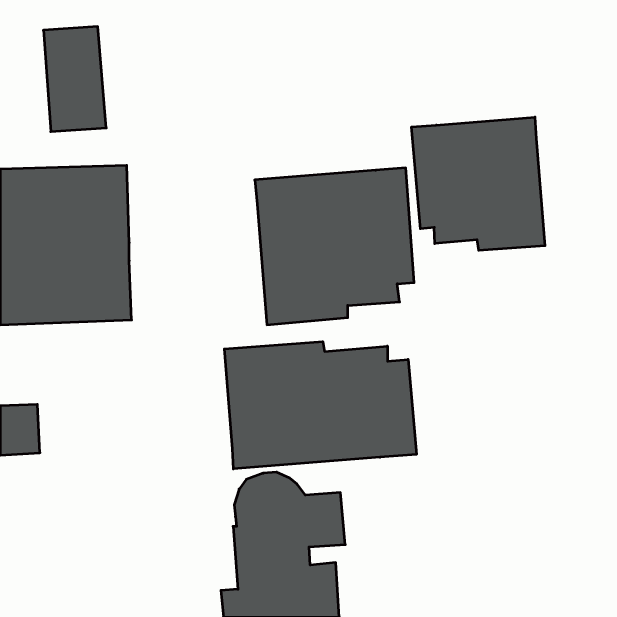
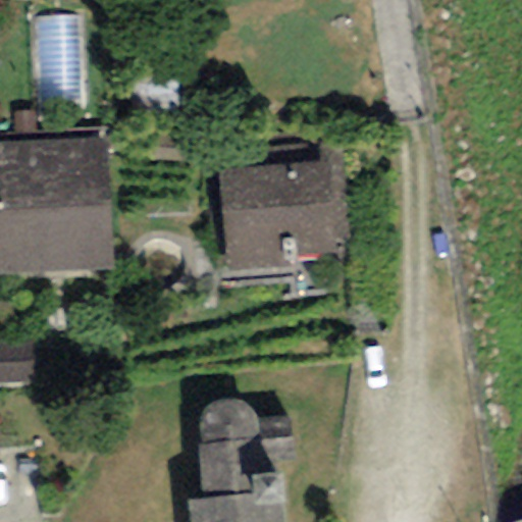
building: [412,117,545,250] -> none
building: [224,342,416,469] -> none

